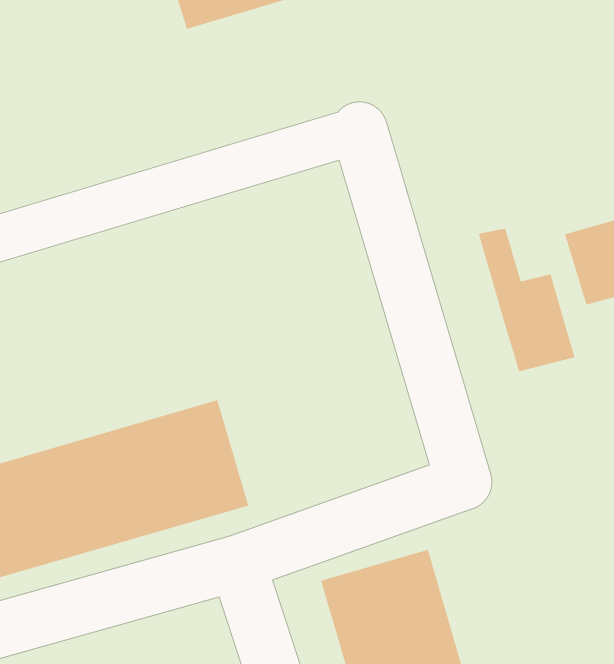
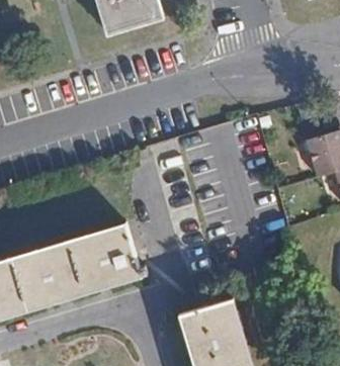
building: [478,228,575,372] -> none

